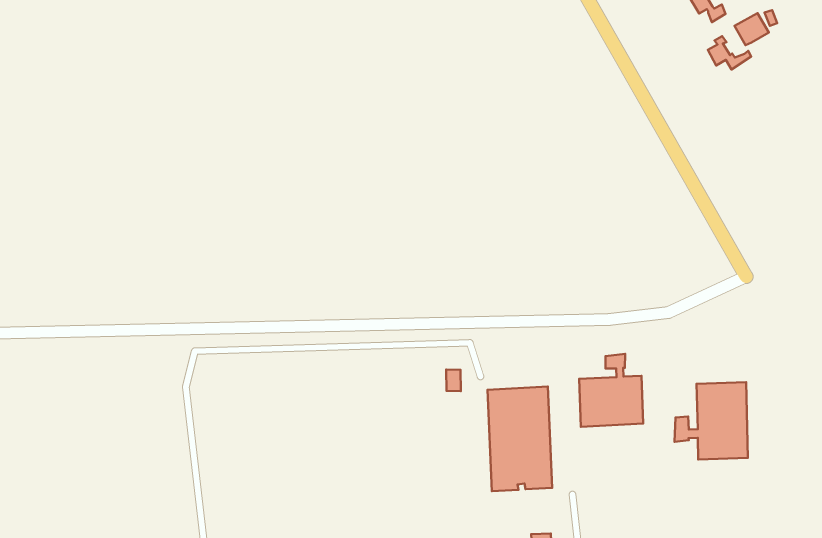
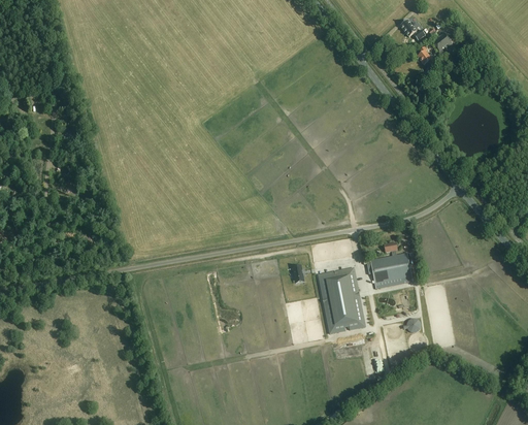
building: [675,382,748,460] -> none

